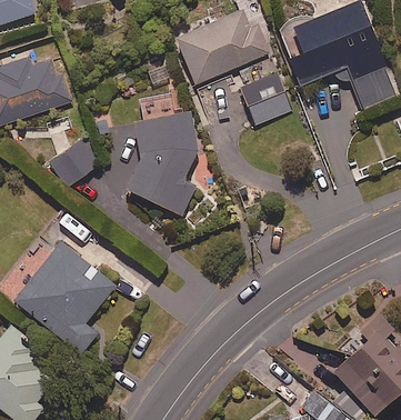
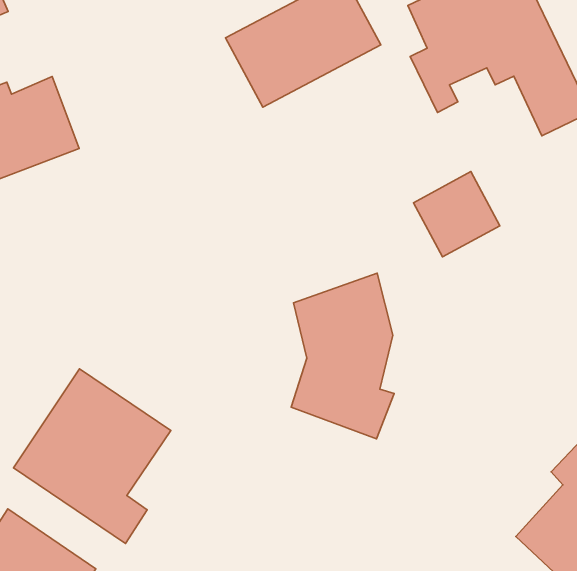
building: [239,73,292,126] -> [413,172,500,257]
building: [131,109,199,213] -> [291,273,394,439]
building: [52,140,100,186] -> none

